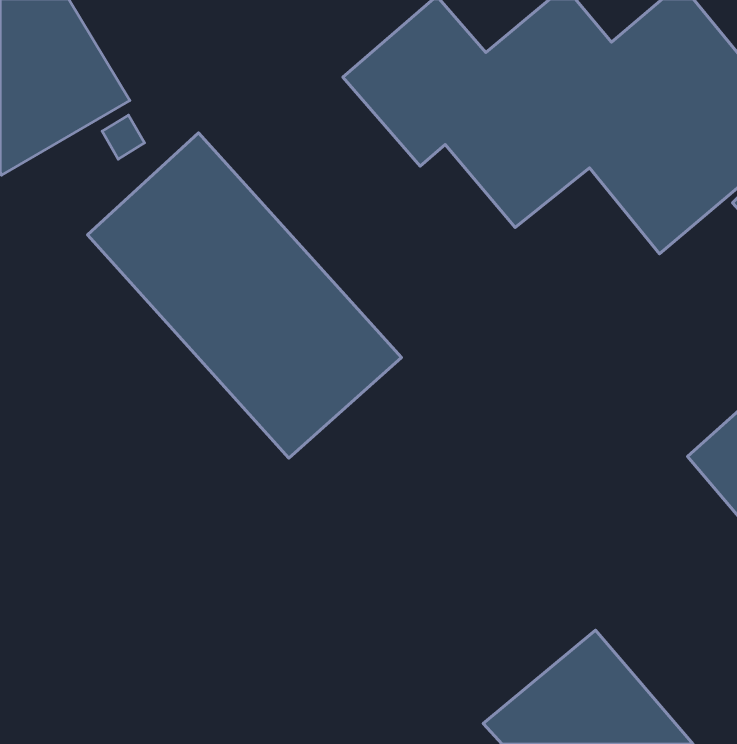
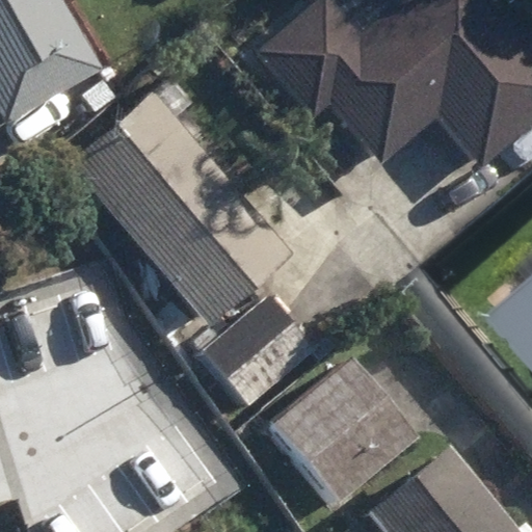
building: none -> [210,293,322,403]
building: none -> [273,356,419,501]

